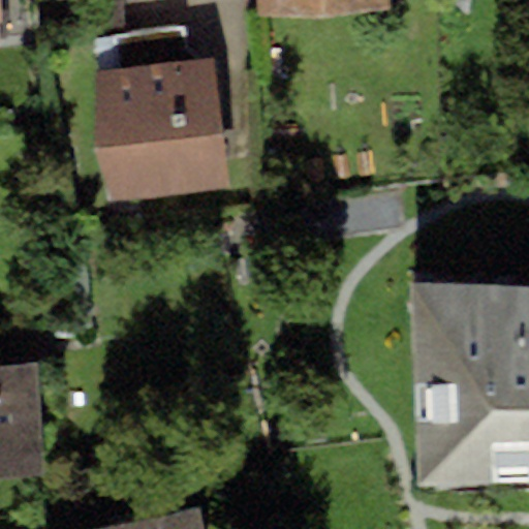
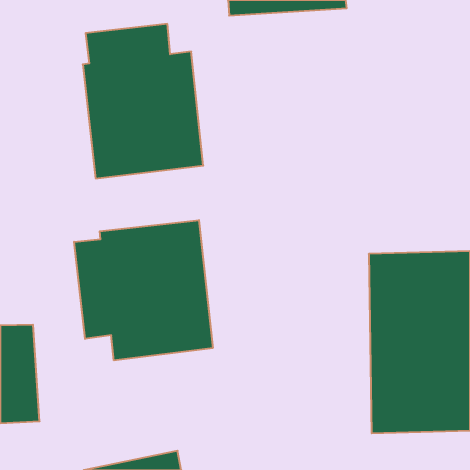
building: none -> [74,220,213,360]

